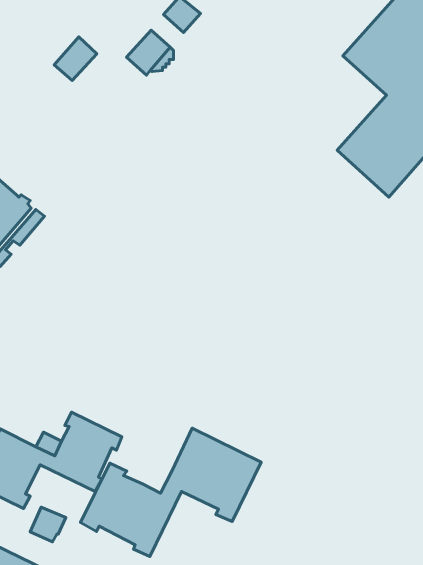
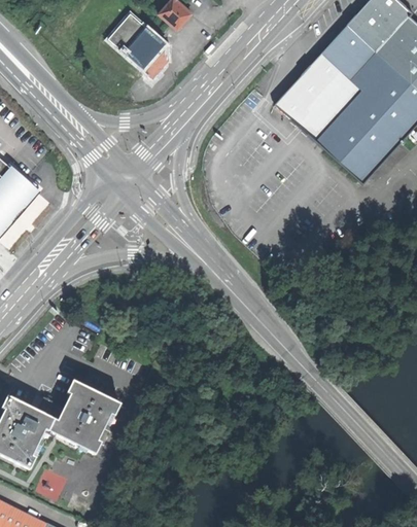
building: [54,37,97,81] -> [108,13,147,54]
building: none -> [277,52,363,139]
building: [81,428,261,556] -> none

